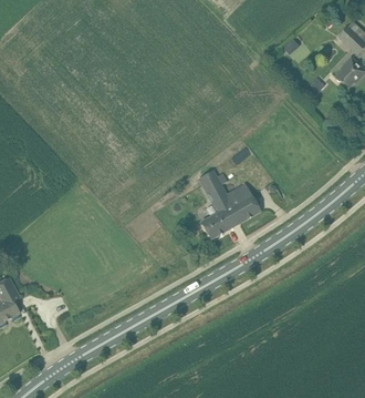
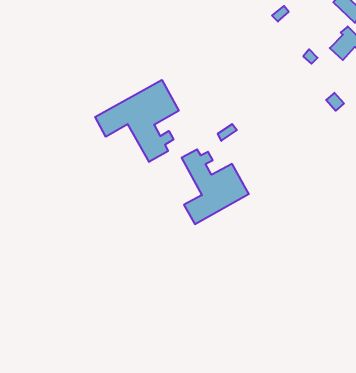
building: none -> [95,80,179,162]

